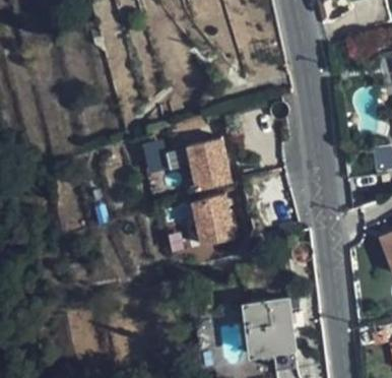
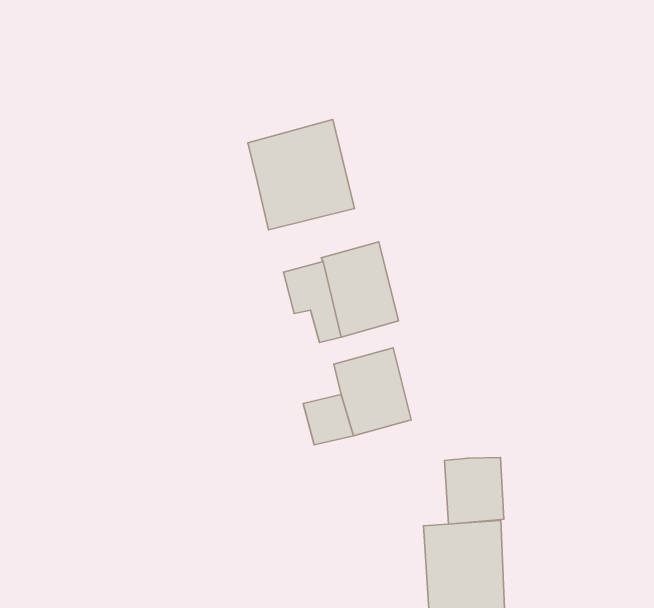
building: none -> [248,119,354,230]
building: none -> [445,457,504,524]

